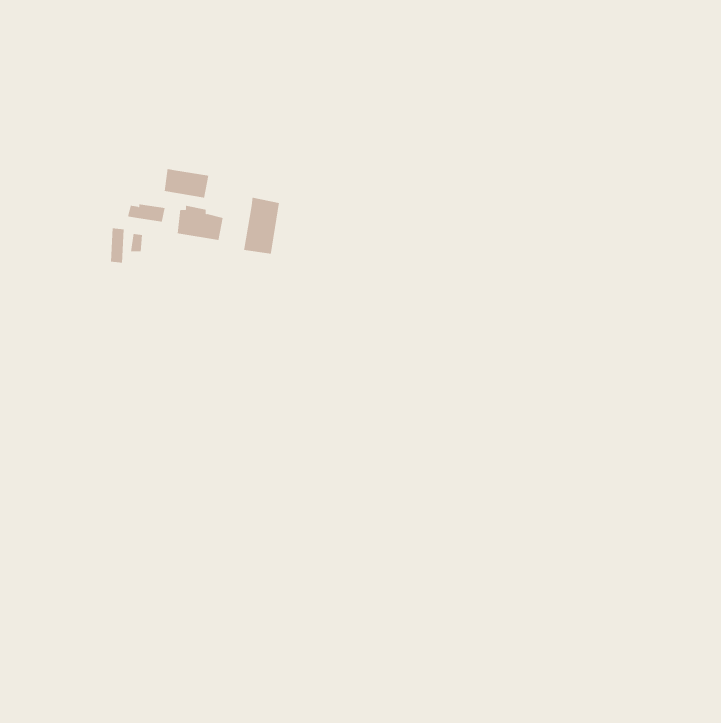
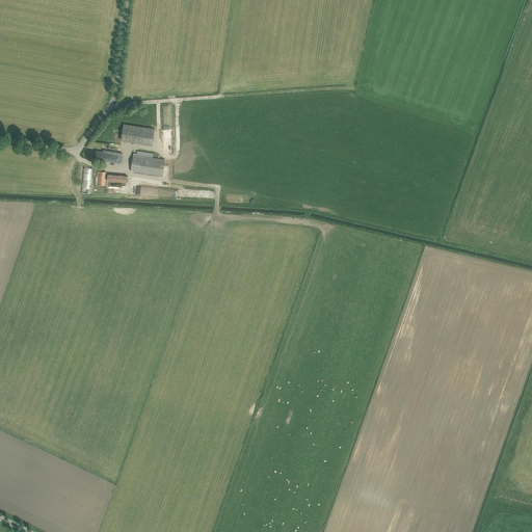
building: [243,197,280,255] -> none

